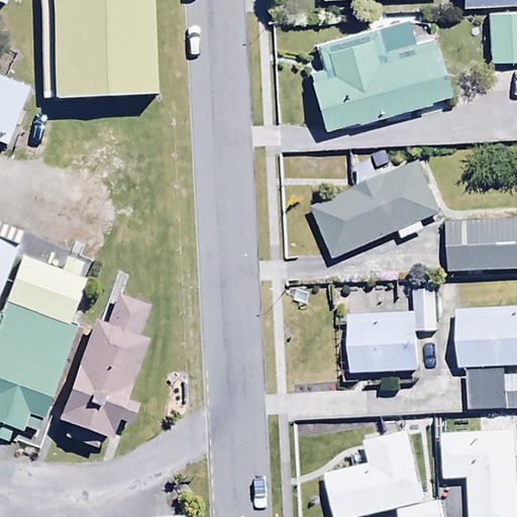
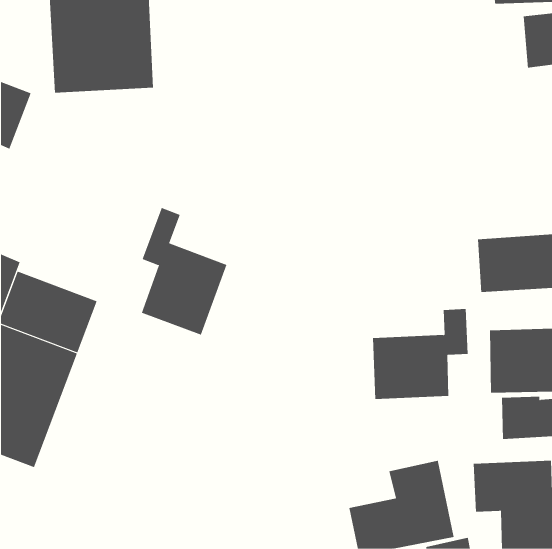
building: [309,19,449,131] -> none
building: [311,162,438,258] -> none
building: none -> [141,207,227,335]
building: [60,314,150,438] -> none

